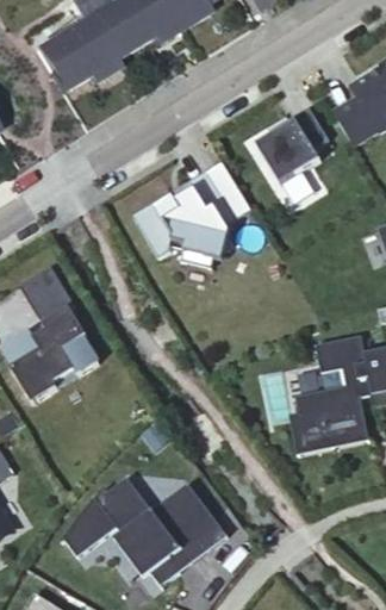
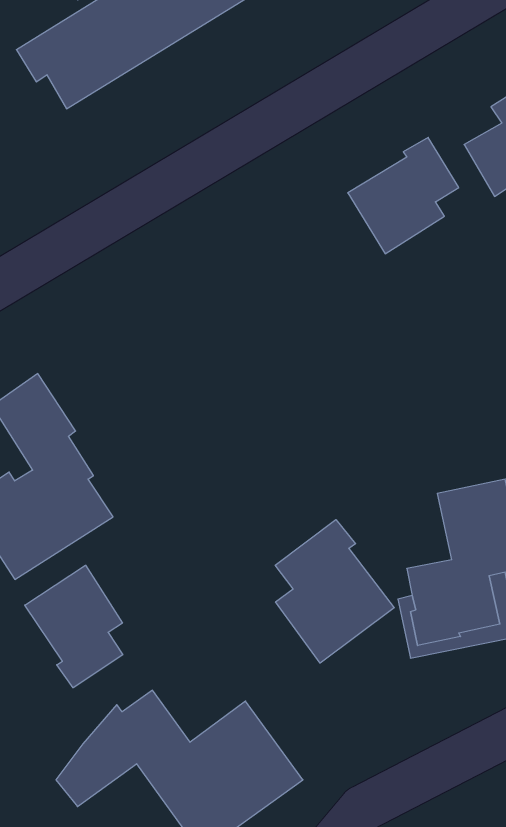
building: [133,161,253,269] -> none
building: none -> [275,520,394,663]
building: none -> [25,565,123,688]

